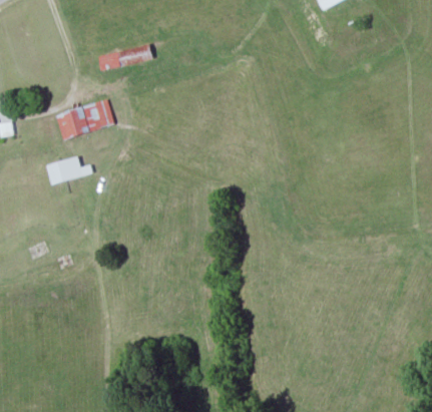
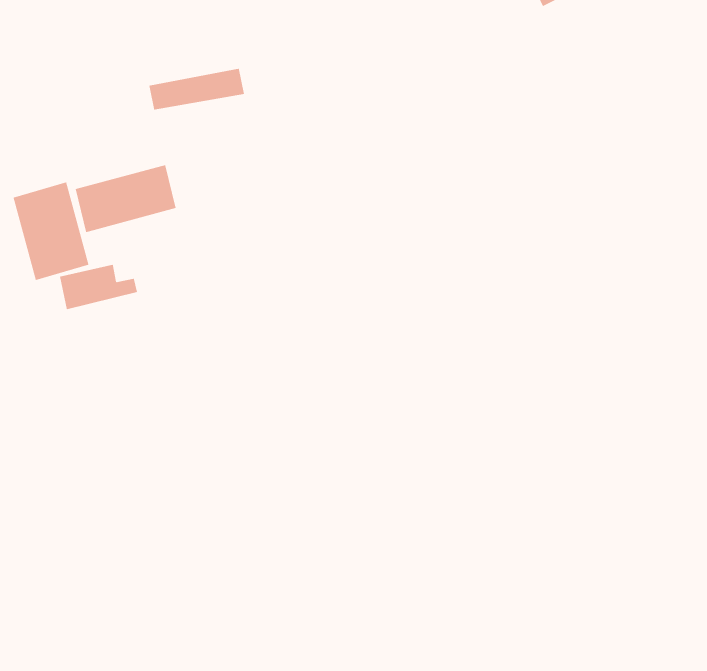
building: none -> [13,182,89,281]

